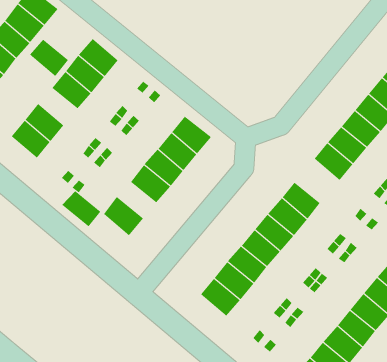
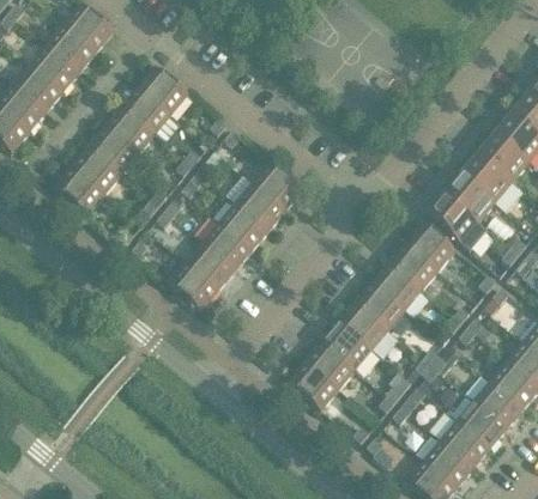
building: [29,39,69,77] -> [89,127,138,174]
building: none -> [405,221,455,269]
building: [61,190,101,227] -> [186,243,235,288]

